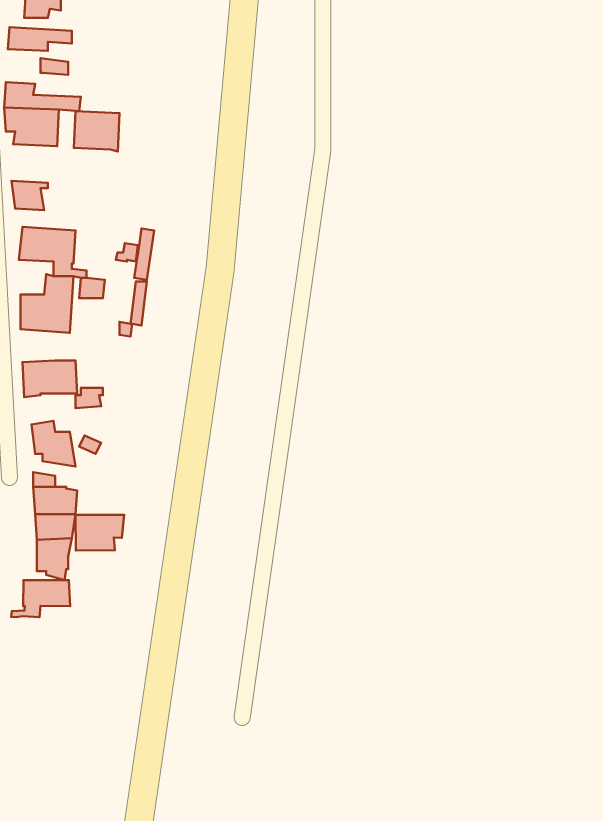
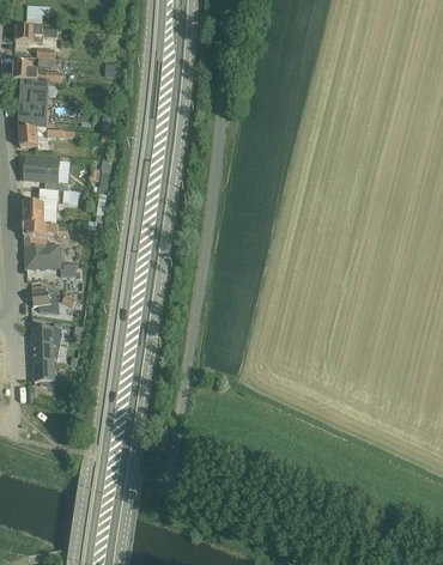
building: [74,111,120,151] -> [17,103,47,129]
building: none -> [23,224,67,245]
building: [75,515,124,551] -> none
building: [11,580,70,617] -> none

